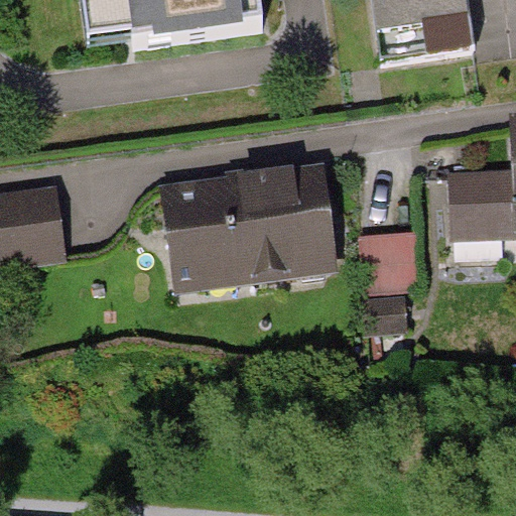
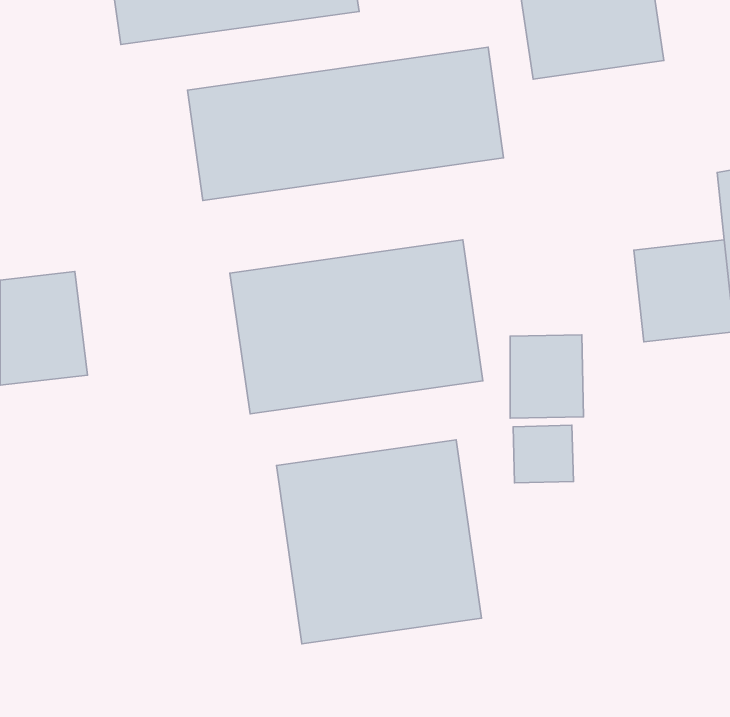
building: none -> [187,47,504,200]
building: none -> [277,440,482,644]

